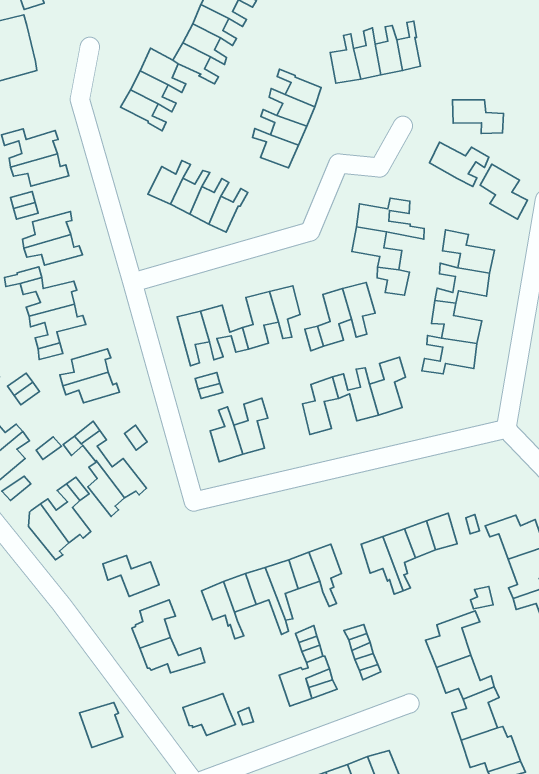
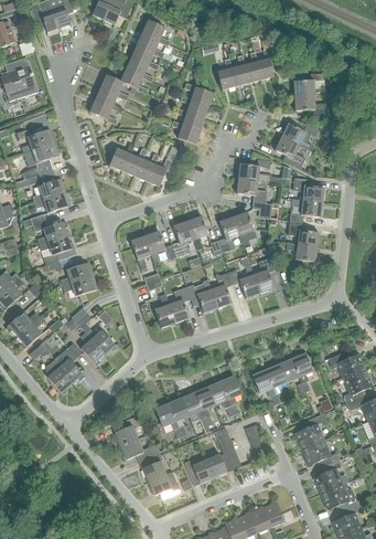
building: none -> [293,72,324,96]
building: [480,164,527,219] -> [275,136,304,169]
building: none -> [185,279,216,314]
building: [103,555,159,597] -> none
building: none -> [183,458,213,485]
building: [79,702,123,748] -> [138,453,165,482]

